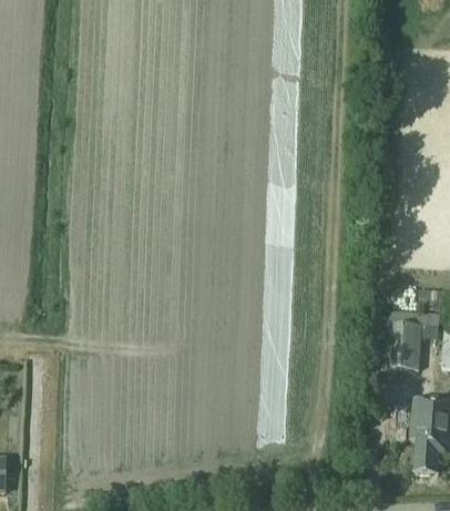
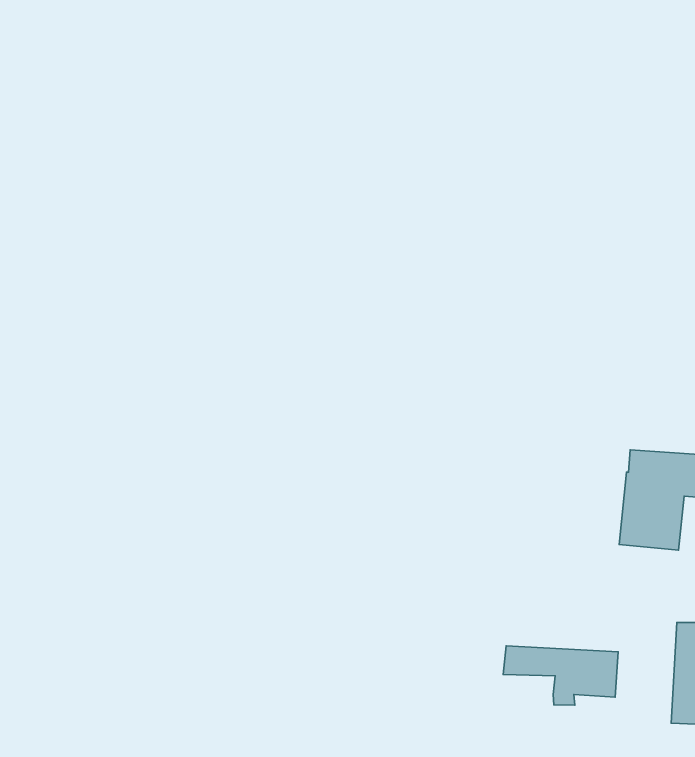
building: none -> [503,646,618,705]

